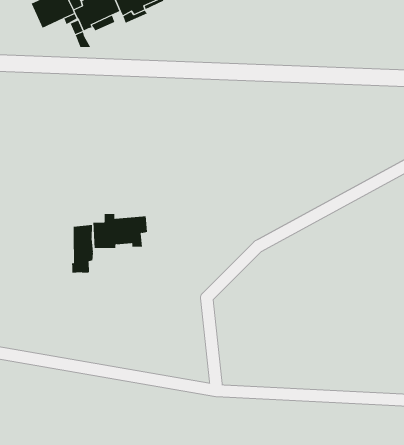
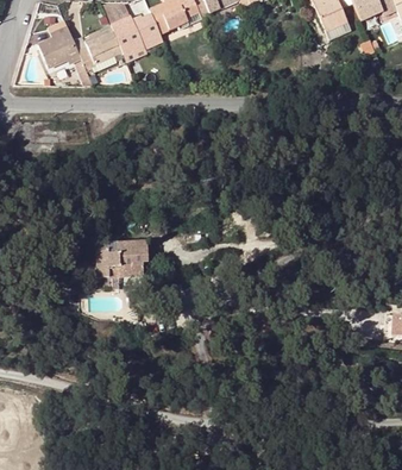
building: [71,224,93,273] -> none

